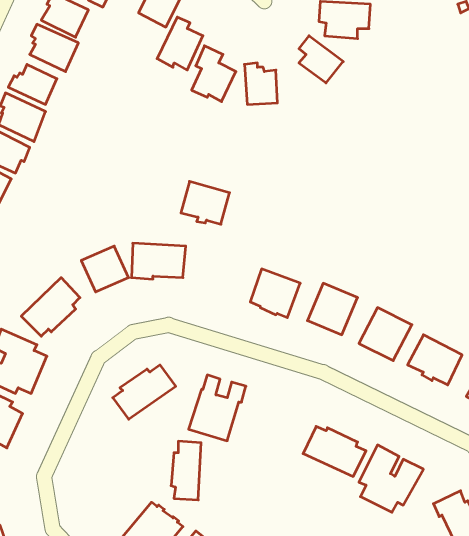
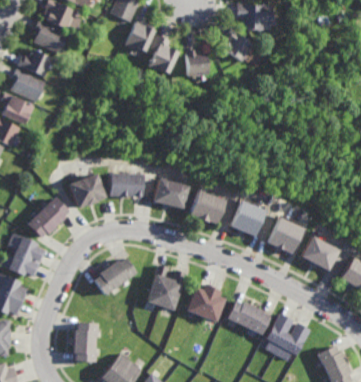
building: [181,181,230,224] -> [153,179,187,209]
building: none -> [185,284,225,323]
building: [171,441,201,500] -> [75,323,96,364]

